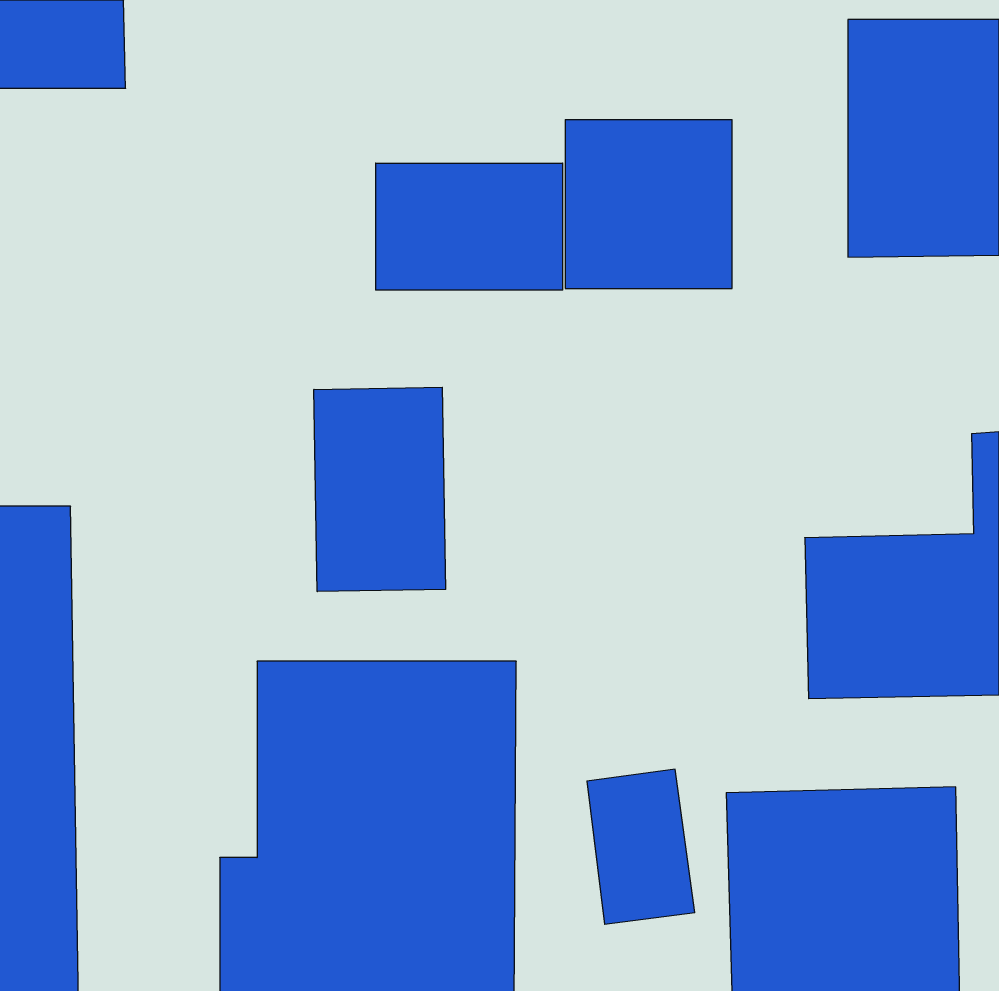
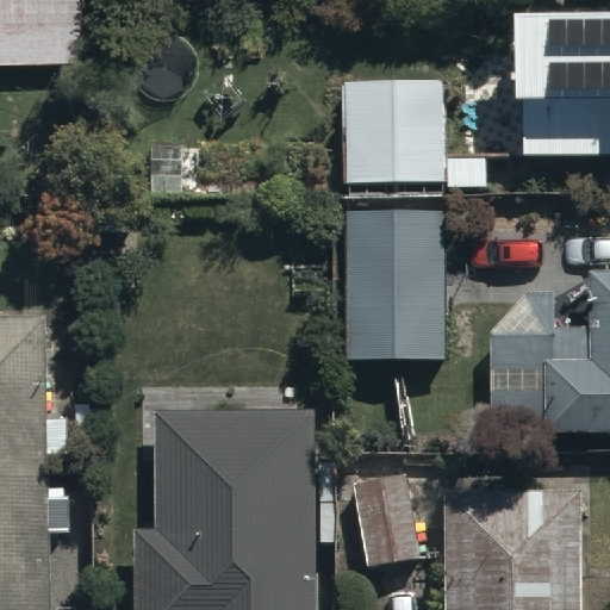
building: [376,163,563,290] -> none
building: none -> [347,208,448,357]
building: [314,387,446,592] -> none

